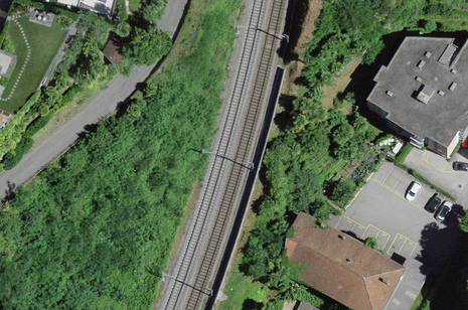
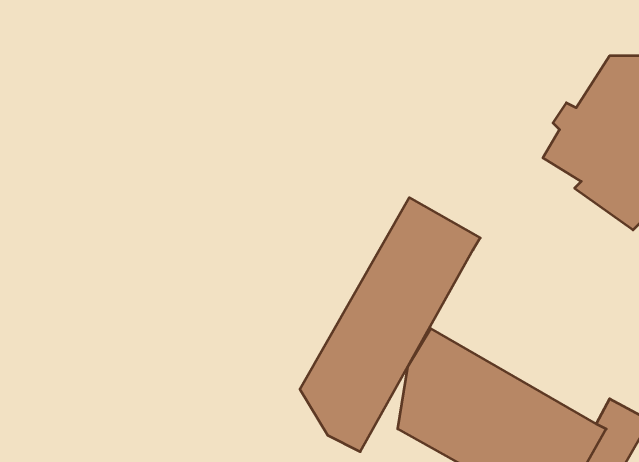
building: none -> [300,198,480,452]

